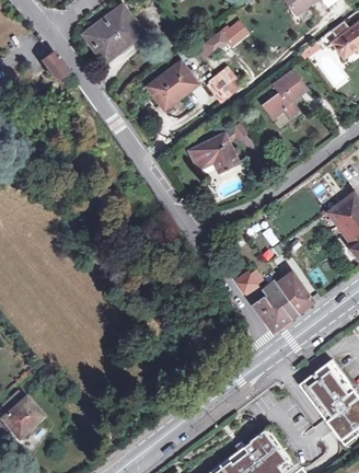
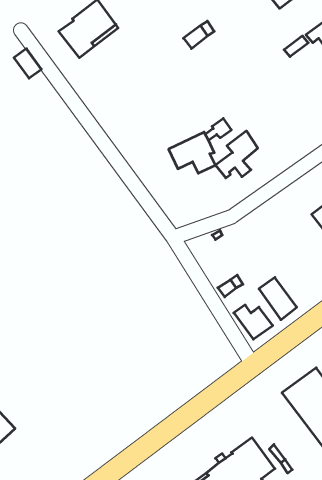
building: [148,62,197,108] -> none
building: [205,66,244,104] -> none
building: [264,72,304,117] -> [215,131,258,178]
building: [263,280,298,319] -> none

